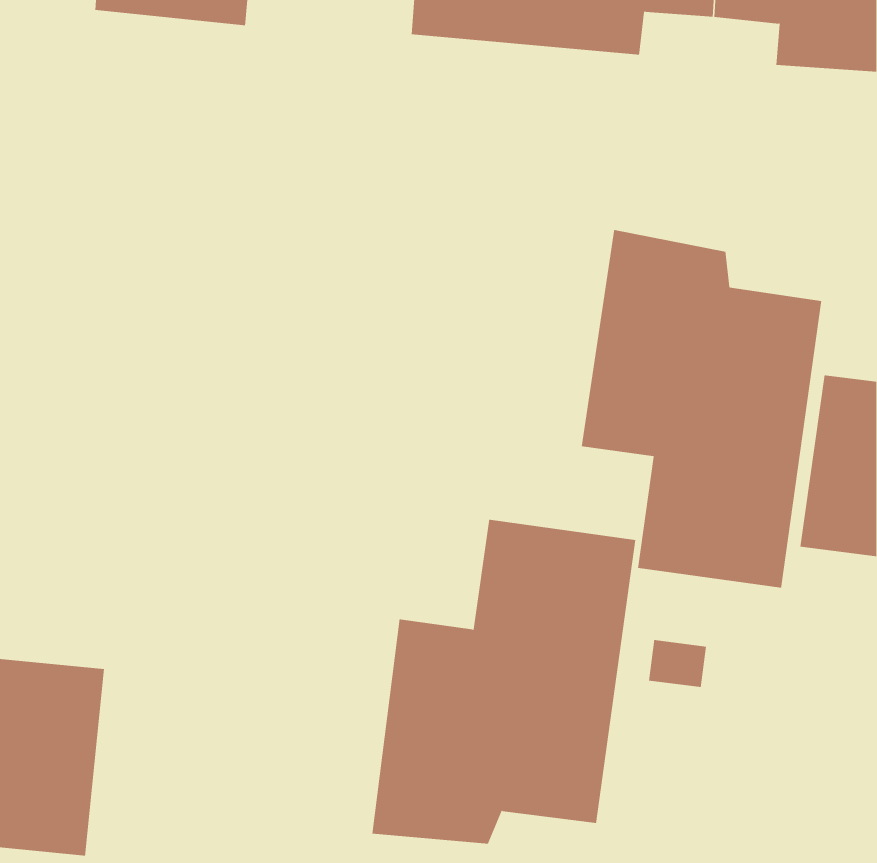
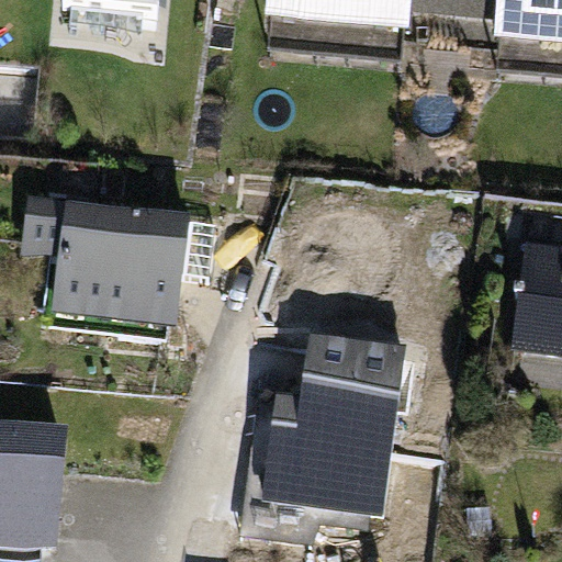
building: [581,229,822,589] -> none
building: none -> [20,193,217,327]

